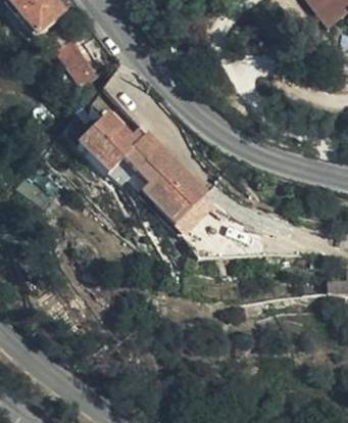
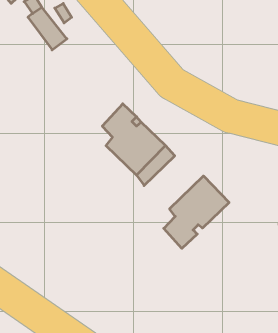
building: [78,113,158,172] -> none
building: none -> [164,176,229,248]

